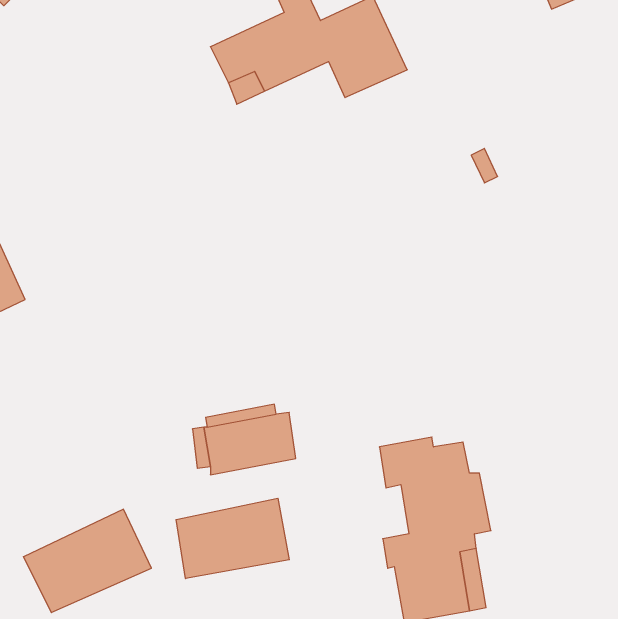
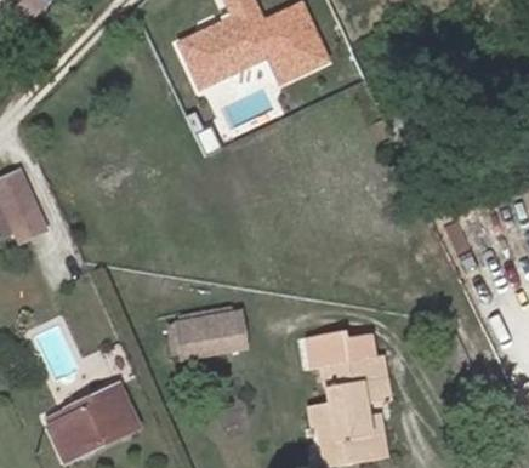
building: [176,498,289,579] -> none

